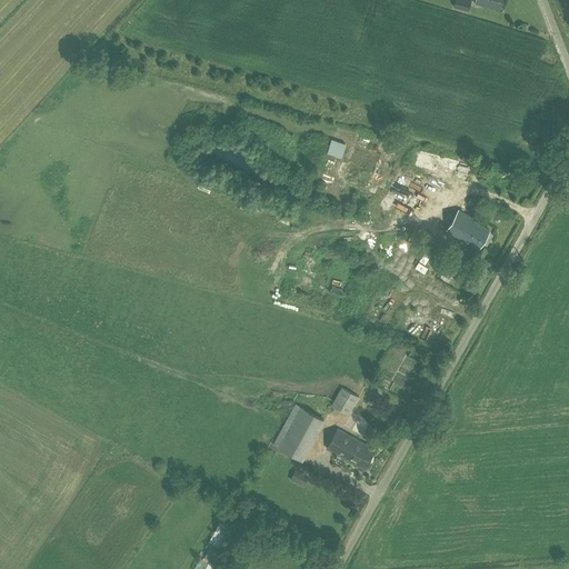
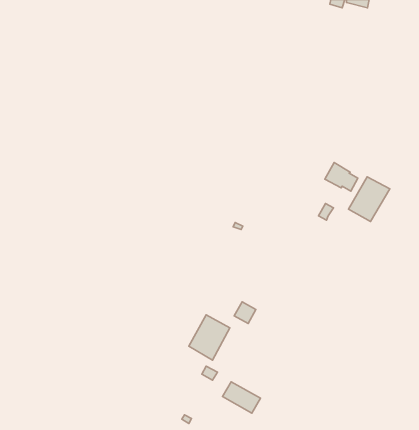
building: none -> [349,177,390,222]
building: [326,430,375,470] -> [222,382,261,413]

